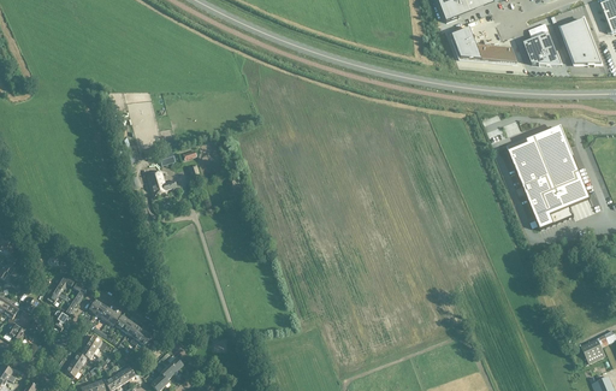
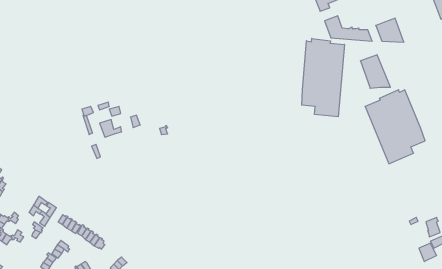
building: [561,18,602,64] -> [360,55,390,88]
building: none -> [302,38,344,117]

